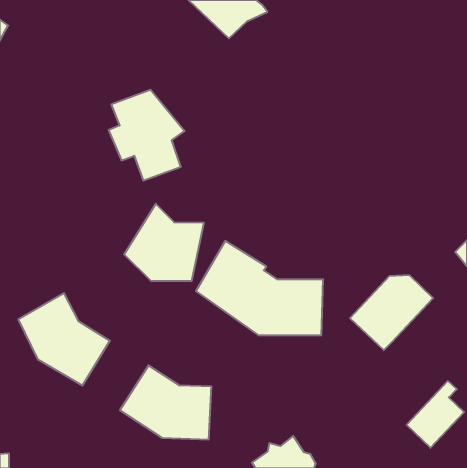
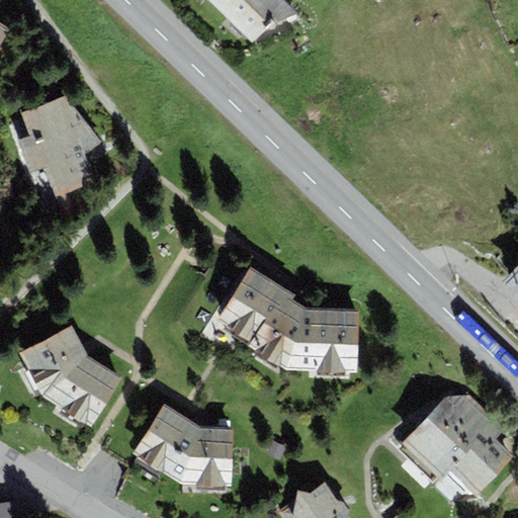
building: [109,90,185,181] -> [17,96,101,196]
building: [124,204,204,281] -> none
building: [350,275,433,350] -> [403,396,495,479]

